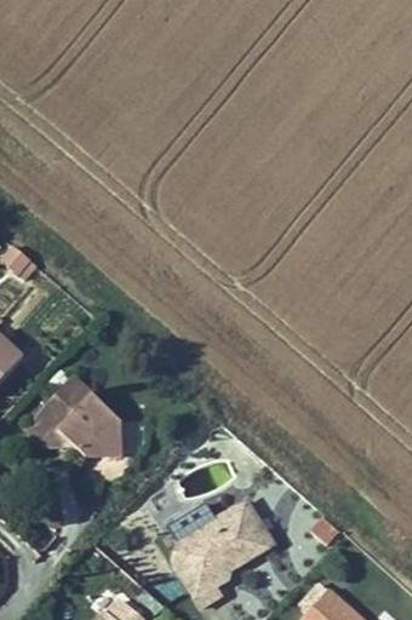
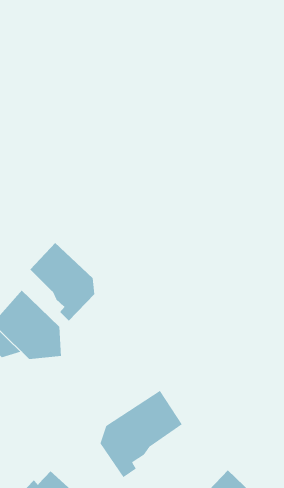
building: none -> [30,242,95,321]

